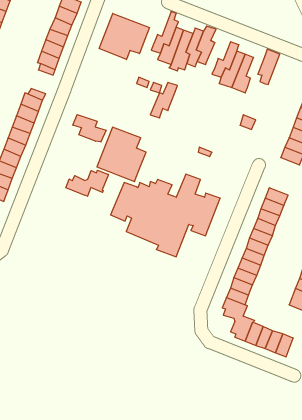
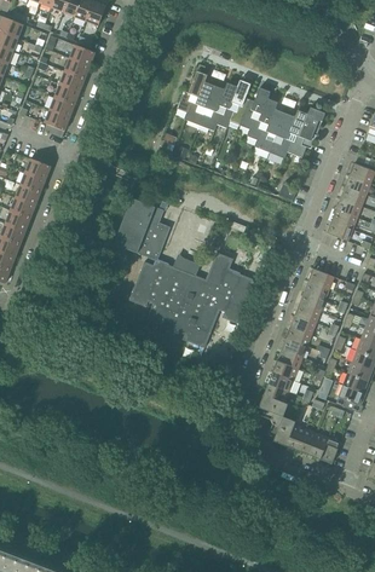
building: [99,13,149,60] -> none
building: none -> [287,110,308,157]
building: [150,82,177,118] -> [240,87,271,128]
building: [73,115,106,142] -> none
building: [66,170,108,196] -> none

